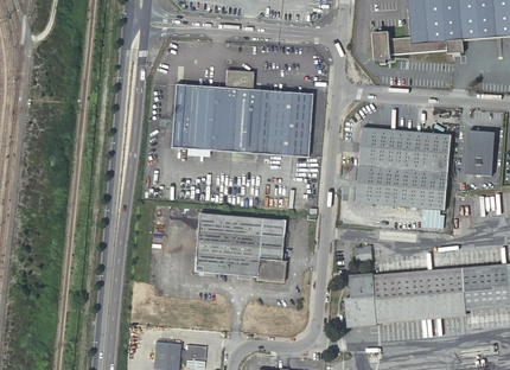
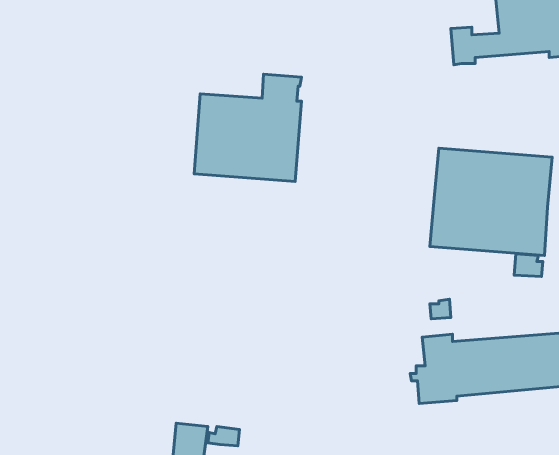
building: [250,89,312,155] -> none
building: [195,212,286,281] -> none

